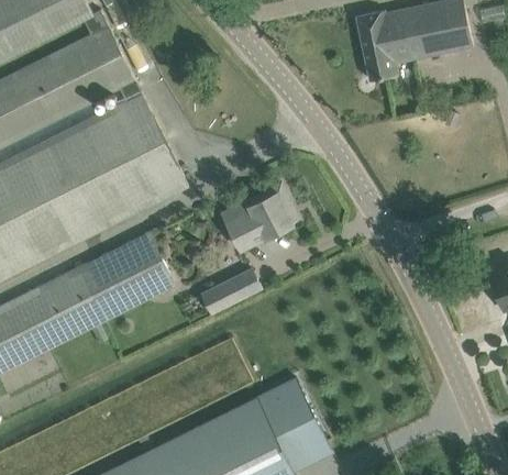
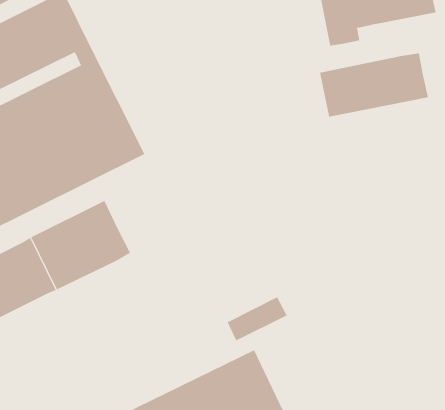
building: none -> [320,53,428,118]
building: [220,184,292,252] -> none
building: [201,270,261,314] -> [227,296,287,341]

